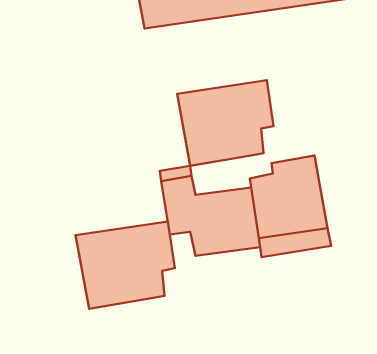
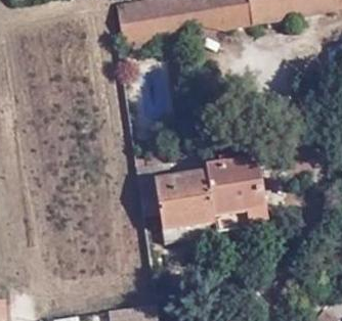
building: [177,80,274,166] -> none
building: [76,221,175,309] -> none

